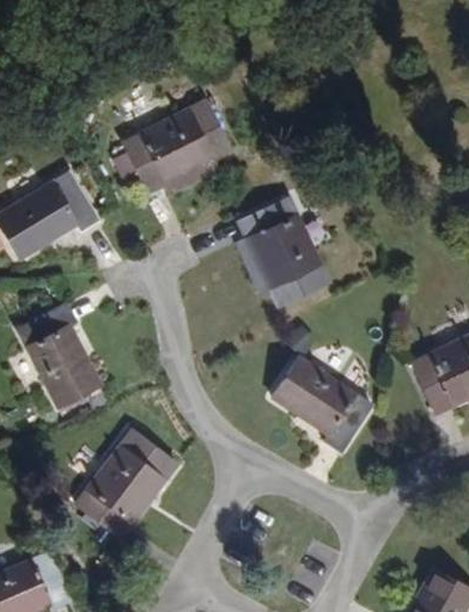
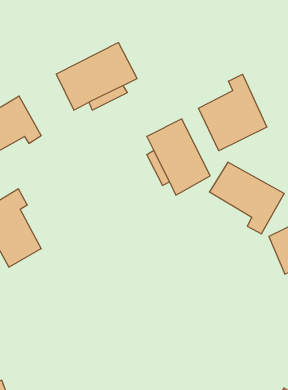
building: none -> [198,74,267,151]
building: [273,359,374,457] -> [209,162,284,234]
building: [74,432,170,538] -> none

